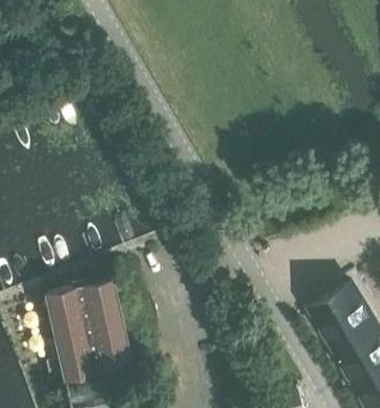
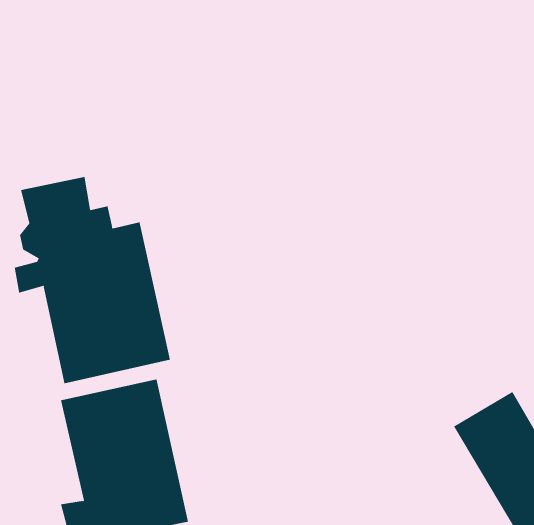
building: none -> [14,176,170,384]

